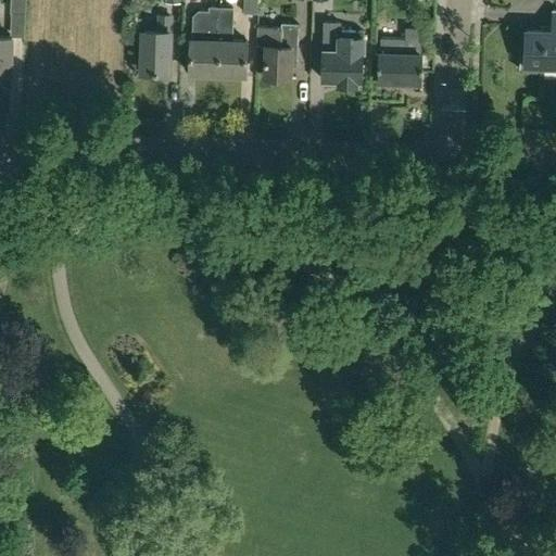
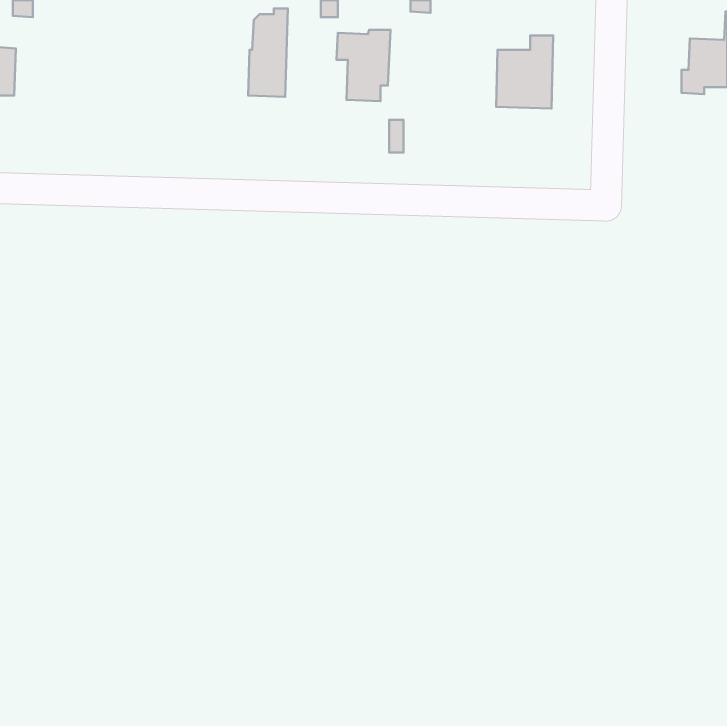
building: [217,9,247,77] -> none
building: [141,17,169,75] -> none
building: [321,23,364,83] -> none

